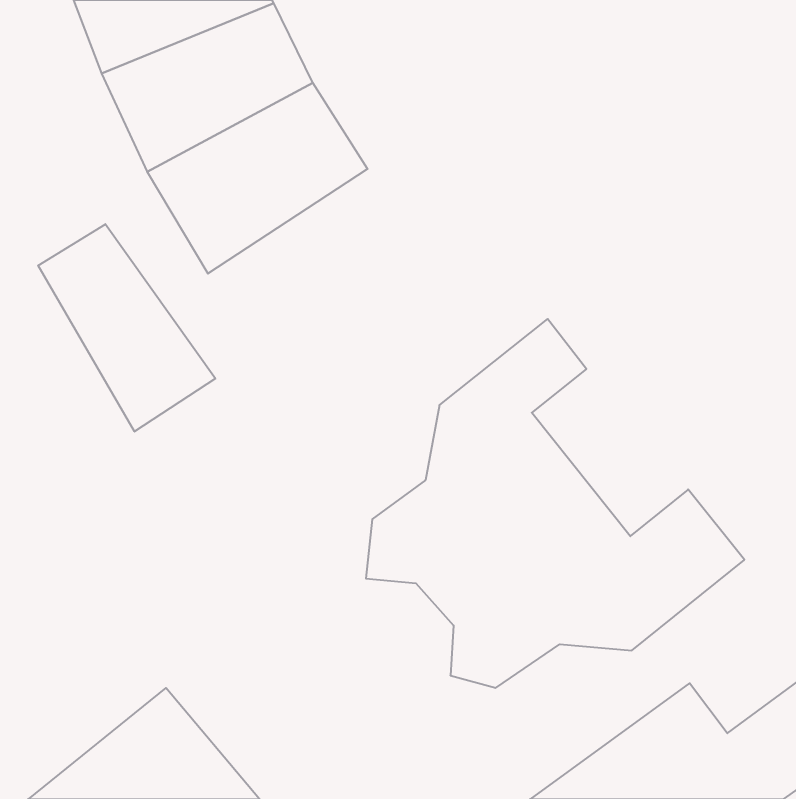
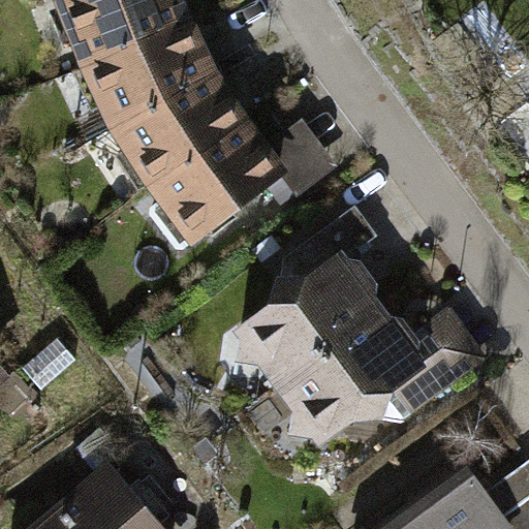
building: none -> [139,112,339,242]
building: [38,224,215,432] -> none

